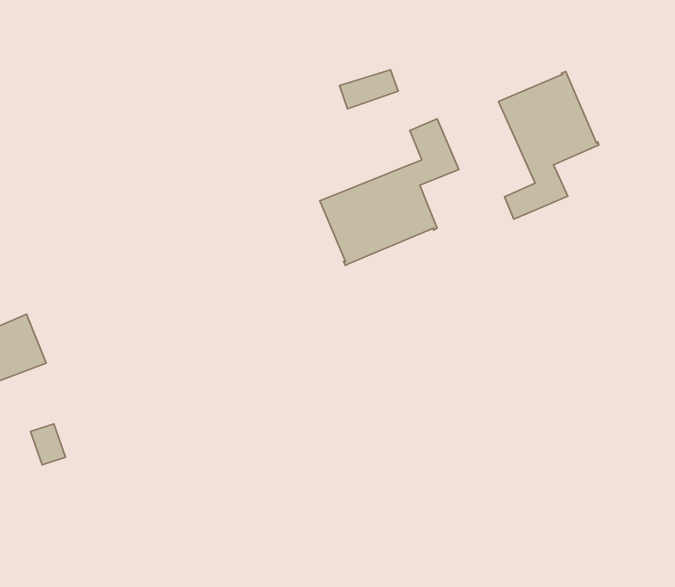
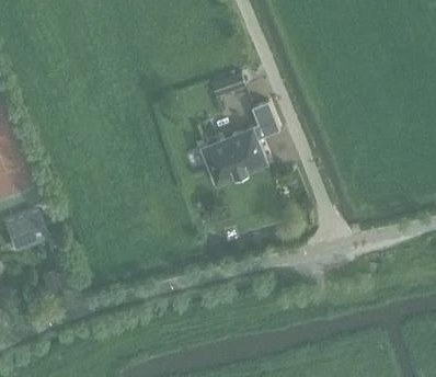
building: [499,71,599,219] -> none

